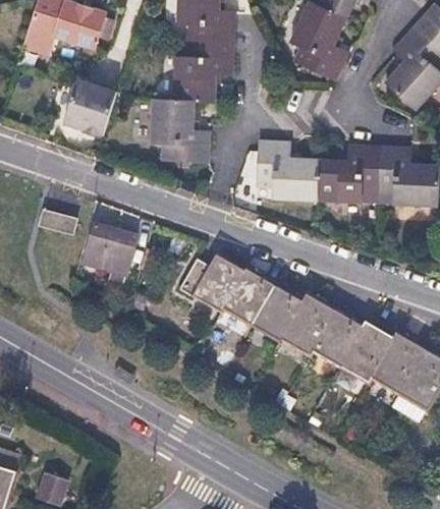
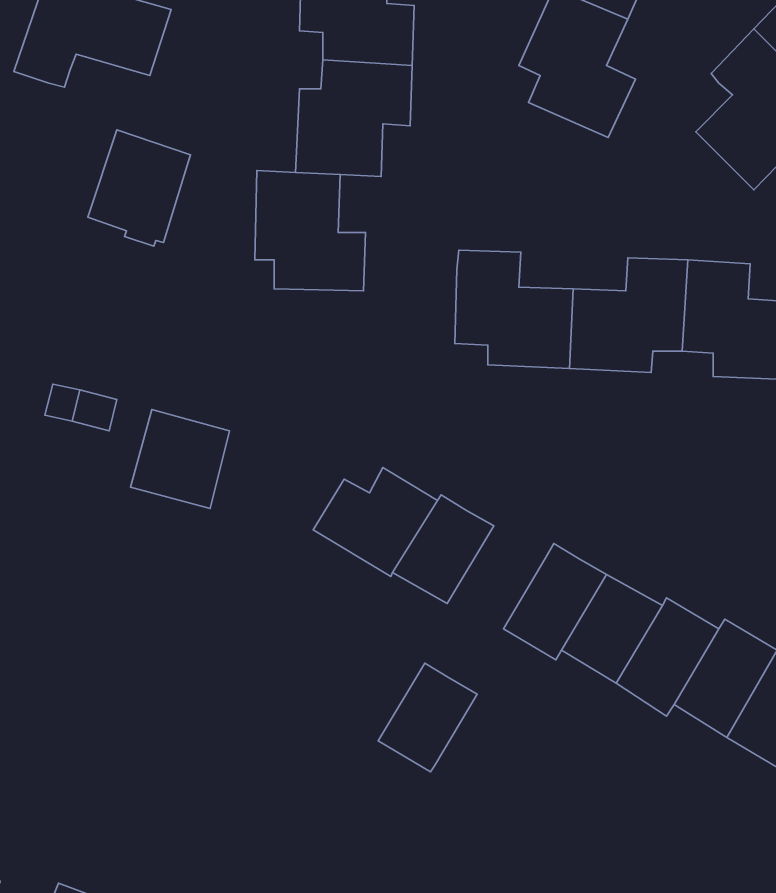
building: [252,284,304,341] -> [378,663,477,772]

